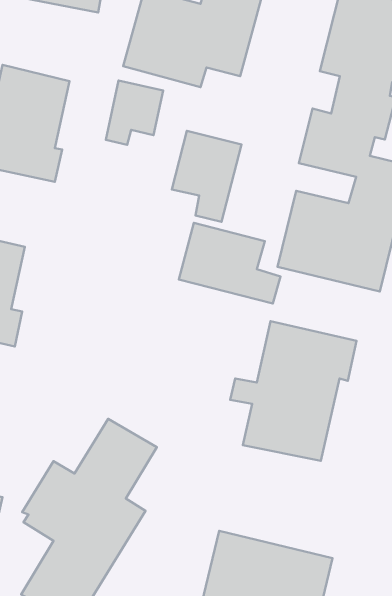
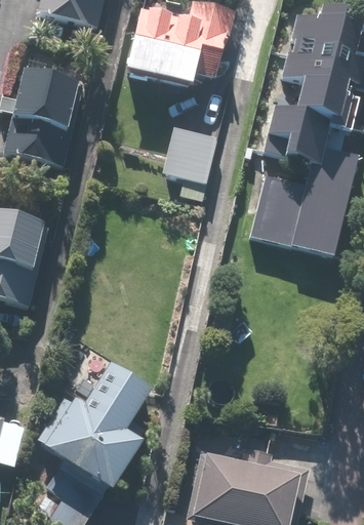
building: [106,80,163,145] -> none
building: [179,223,280,303] -> none
building: [230,321,356,461] -> none

